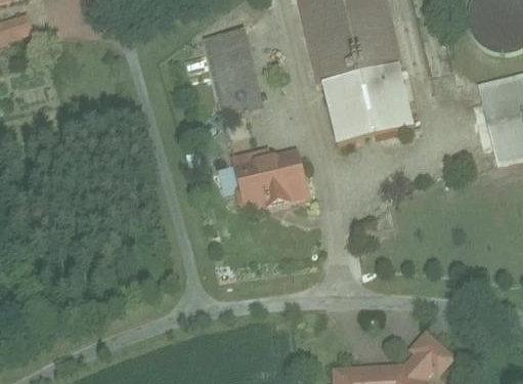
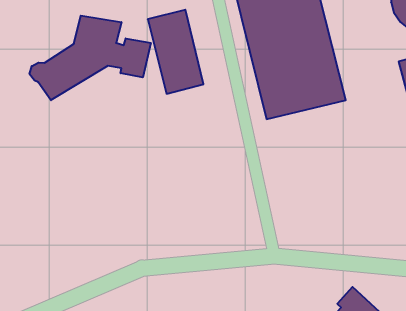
building: none -> [30,16,151,100]
building: [229,146,307,211] -> none

